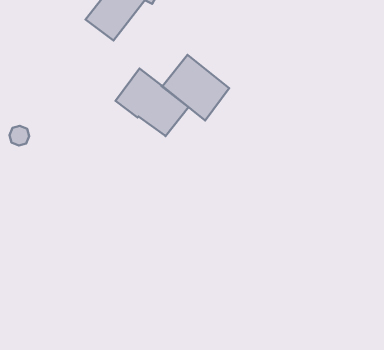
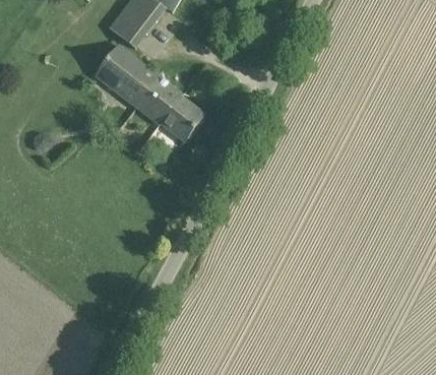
building: [163,55,229,121] -> [95,44,160,108]

